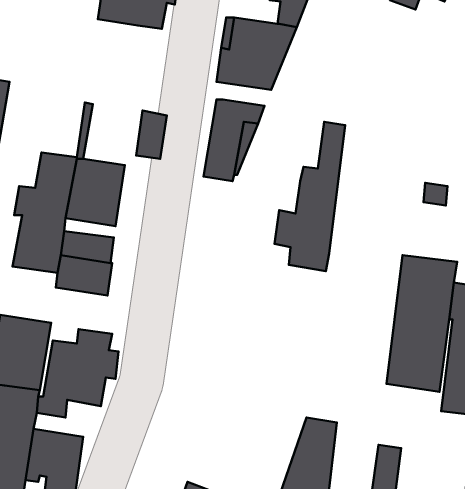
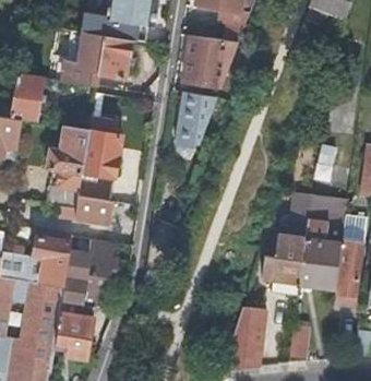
building: none -> [63,32,131,85]
building: [275,122,345,271] -> [263,193,311,295]

